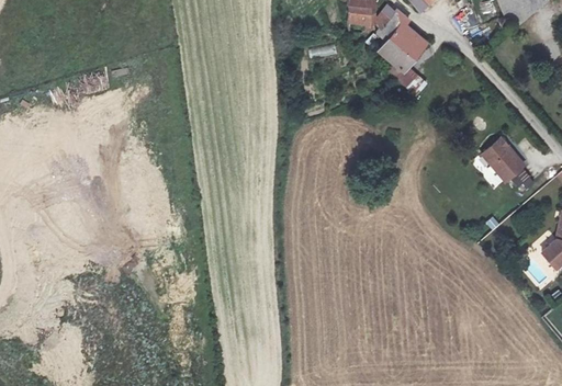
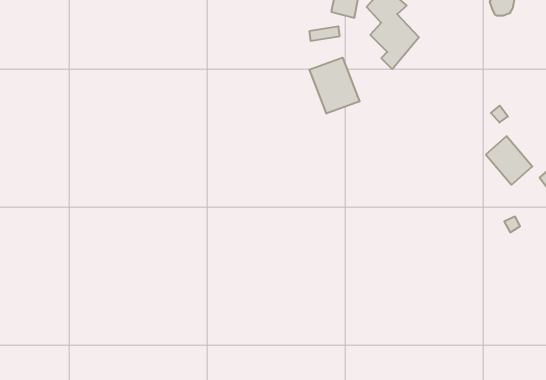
building: none -> [309,58,360,114]

